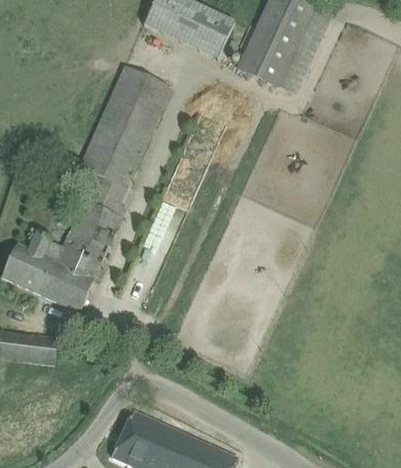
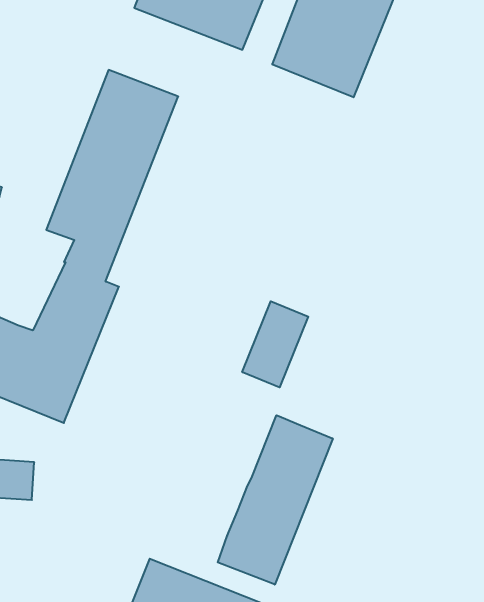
building: none -> [242,301,308,387]
building: none -> [218,415,333,585]

